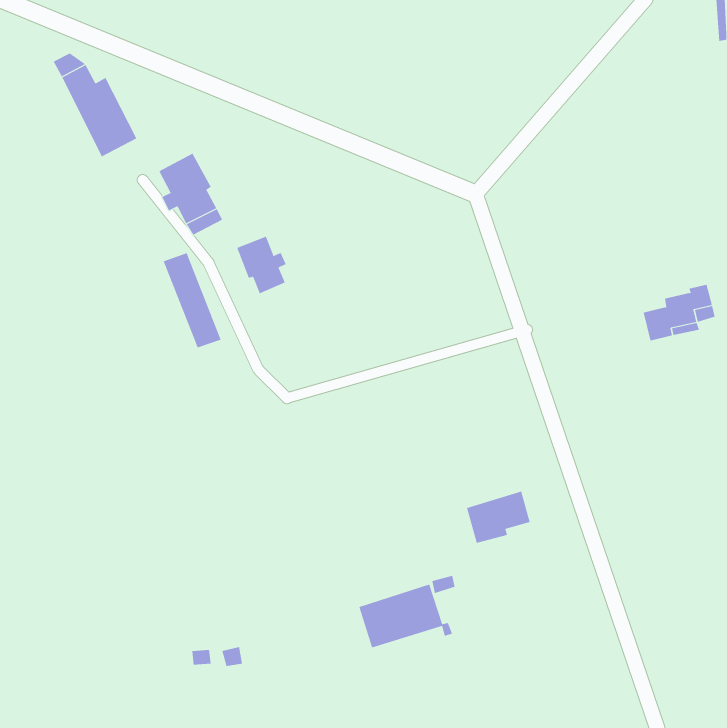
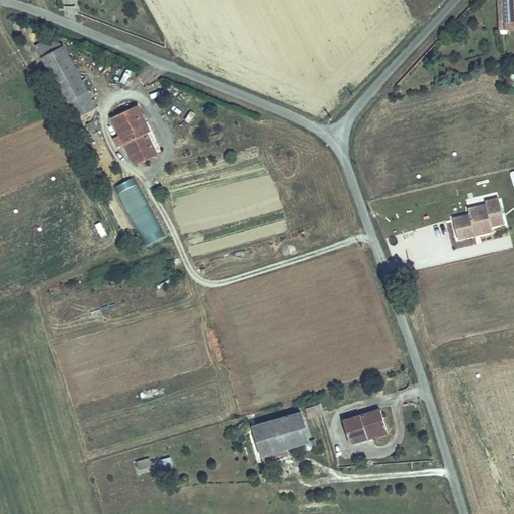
building: [236,236,286,294] -> none
building: [466,491,531,544] -> [342,409,388,446]

